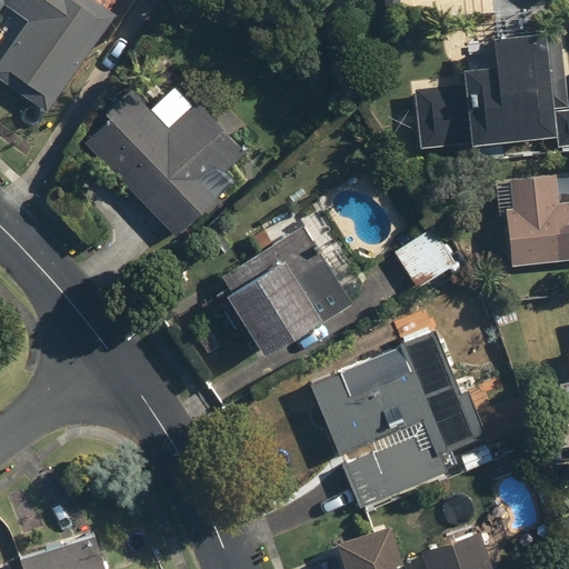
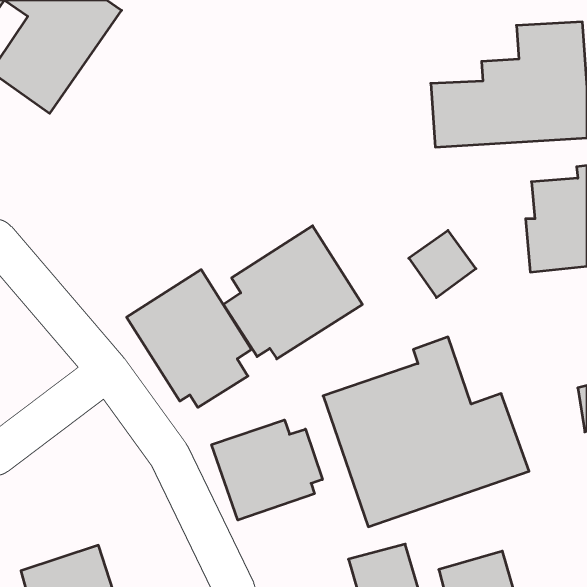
building: [84,92,253,239] -> none
building: none -> [127,270,251,407]
building: none -> [212,420,322,520]

